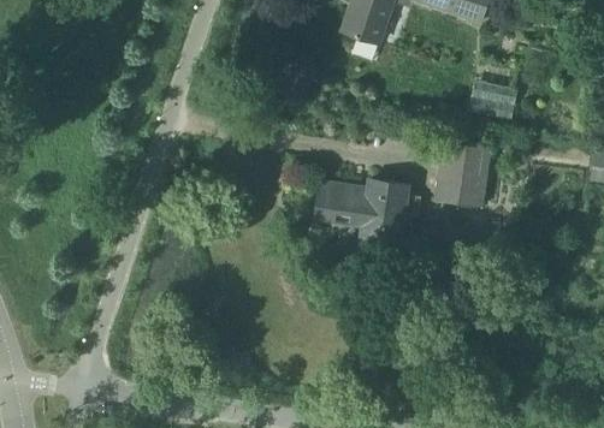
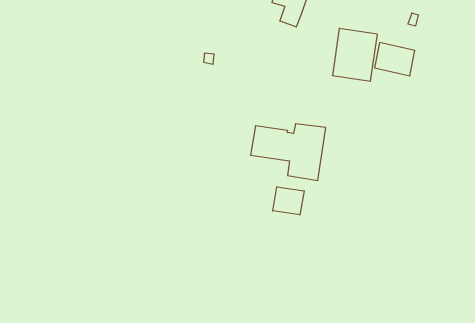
building: [436,141,491,206] -> [332,28,377,81]
building: none -> [273,187,304,215]

